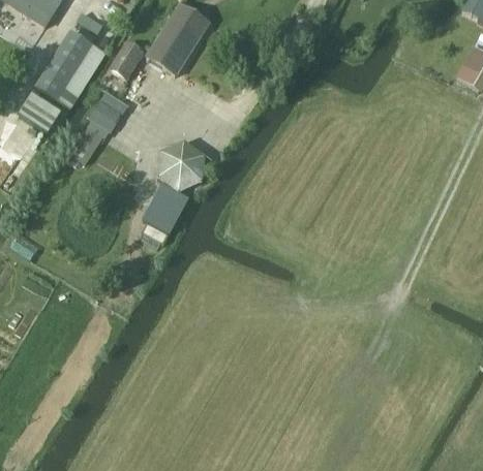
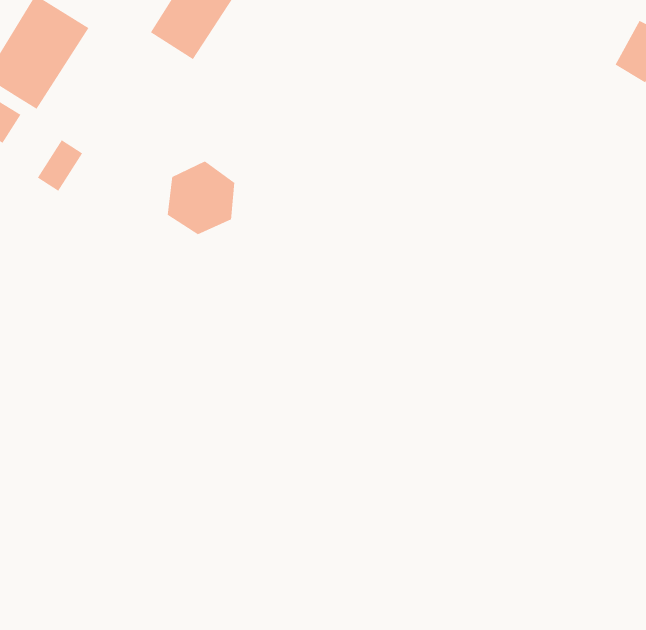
building: [110,40,145,78] -> none
building: [89,90,129,131] -> none
building: [143,186,187,232] -> none

